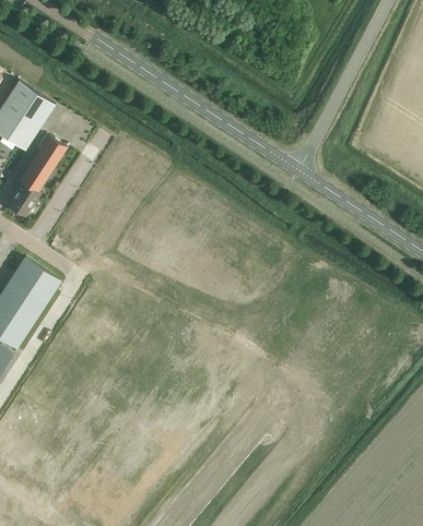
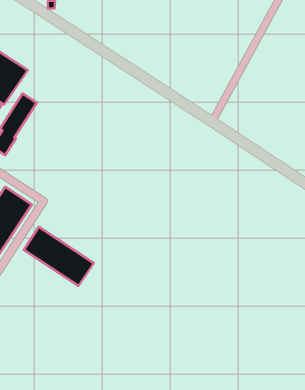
building: none -> [24,227,94,286]

